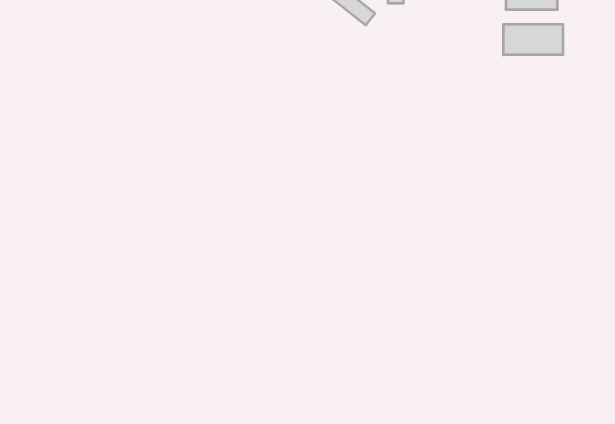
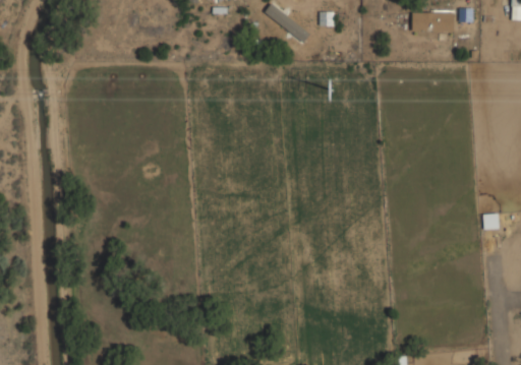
building: [503,24,563,55] -> none

